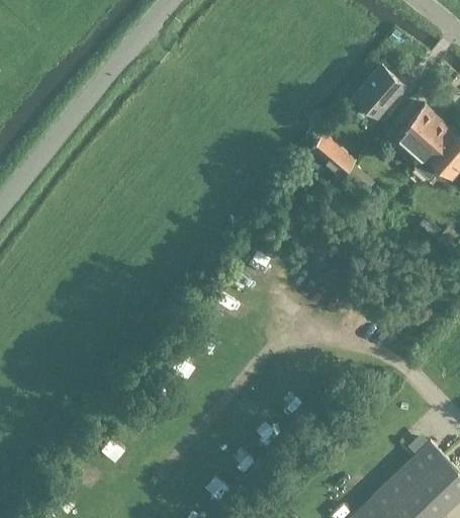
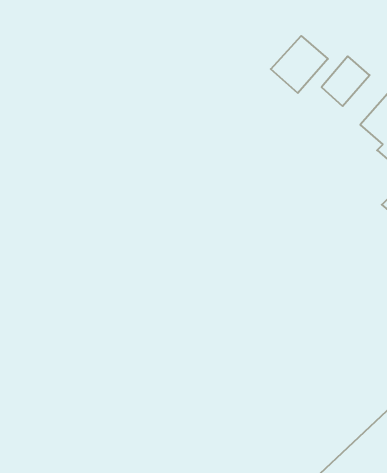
building: none -> [271,36,328,93]
building: [310,137,353,177] -> none

